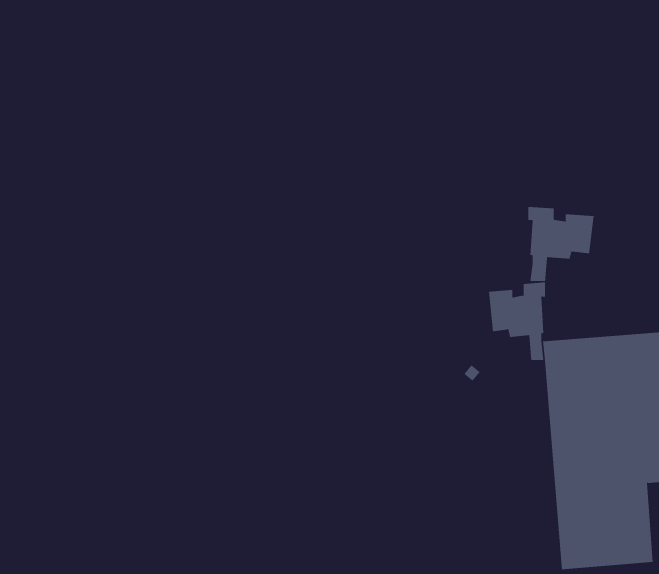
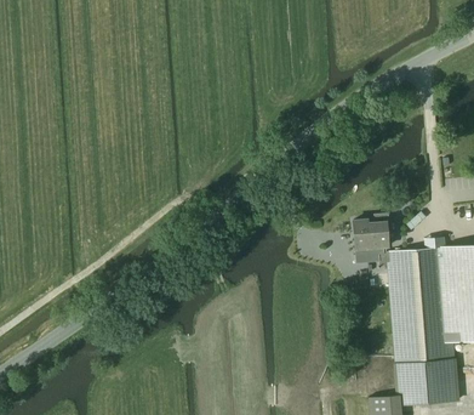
building: [528,206,594,282] -> none

